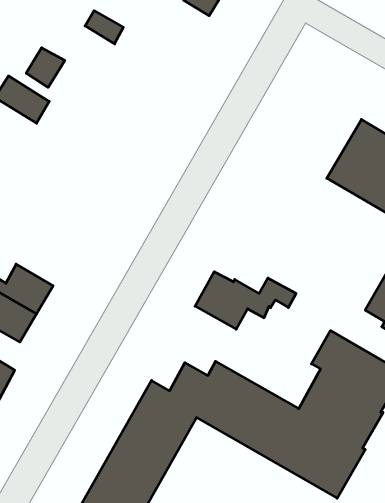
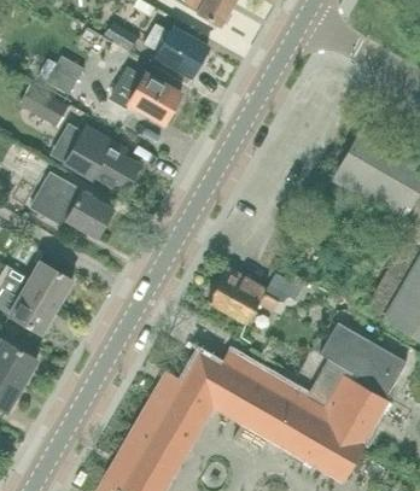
building: none -> [145,24,208,76]
building: none -> [110,66,181,123]
building: none -> [65,127,140,193]
building: none -> [31,173,115,239]

